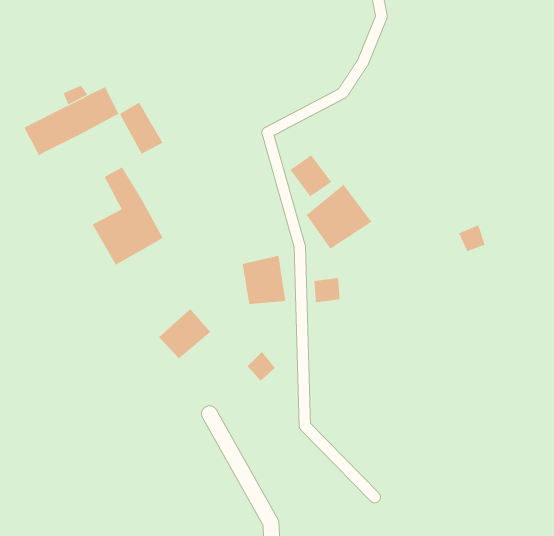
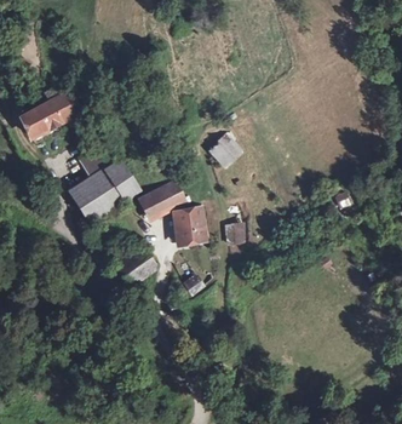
building: [119,102,163,155] -> [104,160,136,197]
building: [306,184,372,250] -> none
building: none -> [136,179,182,216]

